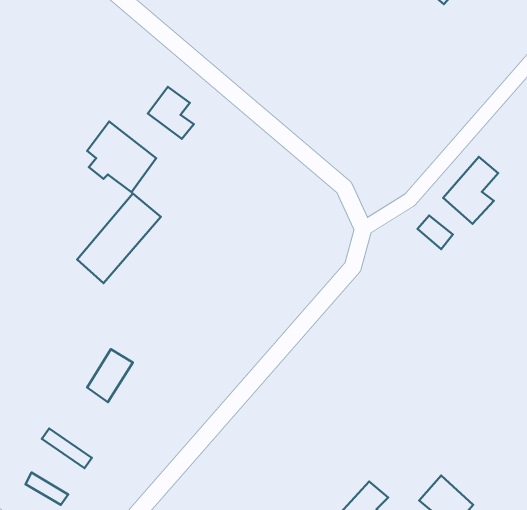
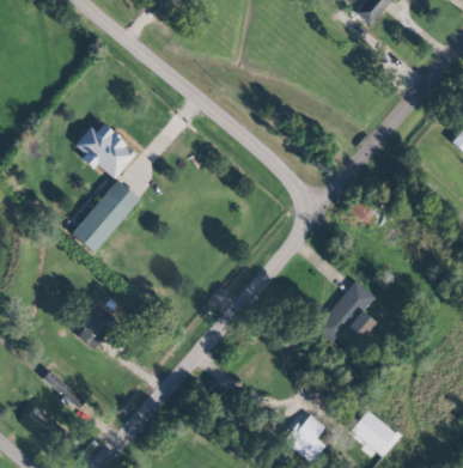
building: [148,87,194,139] -> none
building: [443,157,498,224] -> none
building: none -> [316,280,376,344]

